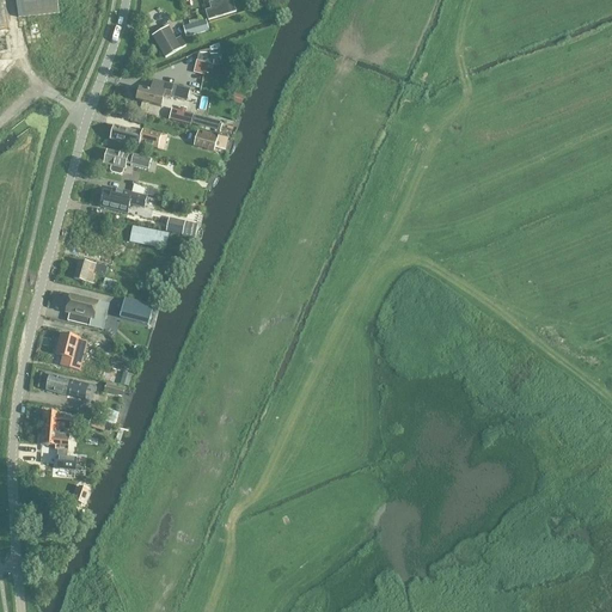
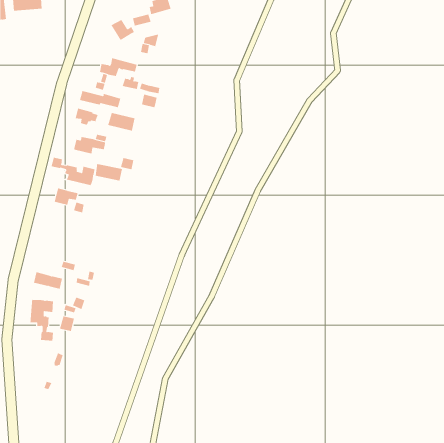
building: none -> [108,112,135,132]
building: none -> [51,157,95,186]
building: [65,294,97,325] -> none
building: [118,296,152,323] -> none
building: [54,331,86,369] -> none

